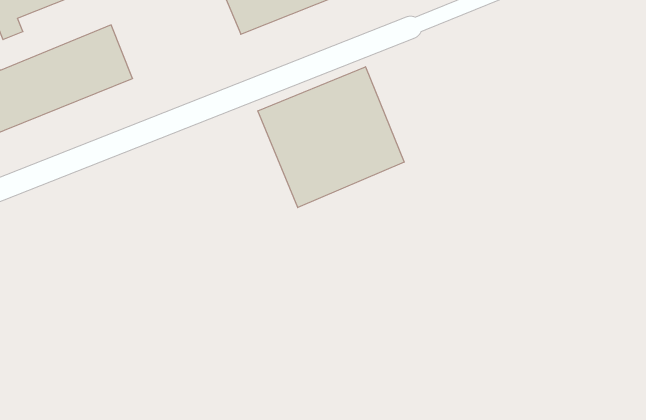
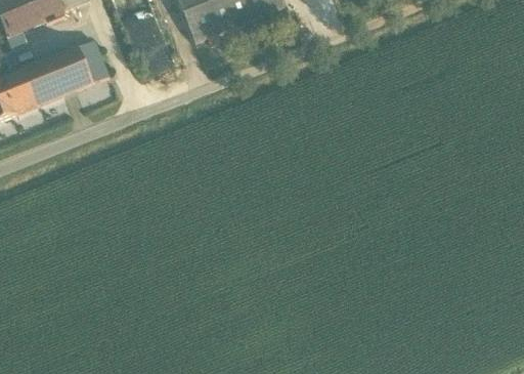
building: [258,67,404,208] -> none

